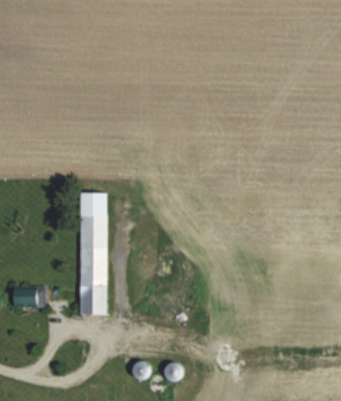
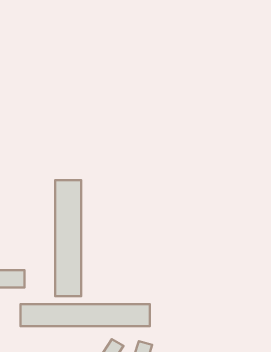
building: none -> [21,304,150,326]

